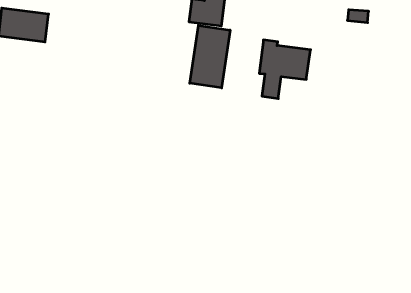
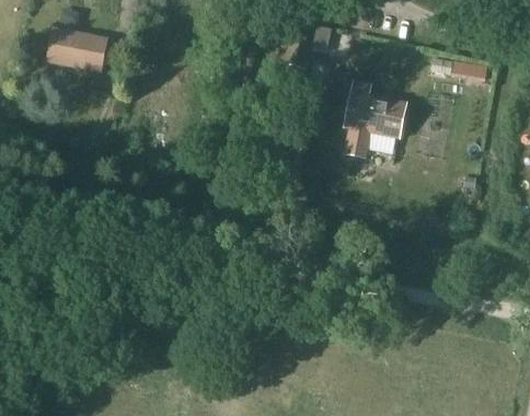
building: [190,25,230,88] -> none

